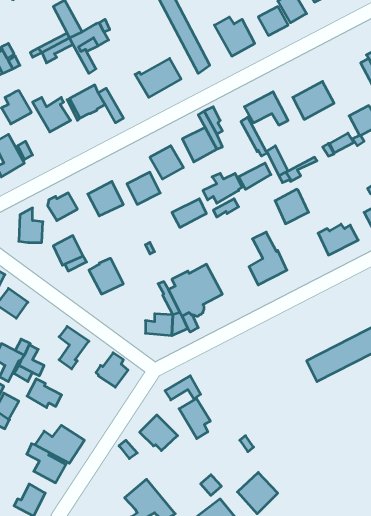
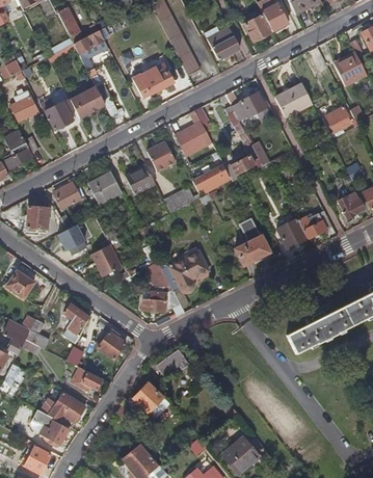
building: [275,189,309,224] -> [276,218,307,249]
building: [27,379,62,408] -> [73,367,104,393]
building: [179,398,210,439] -> none

